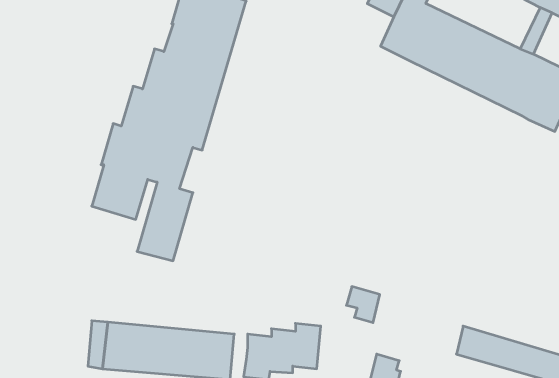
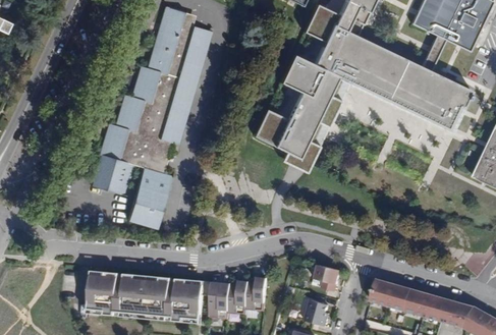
building: none -> [255,55,339,170]
building: [346,287,380,323] -> [316,264,341,291]

